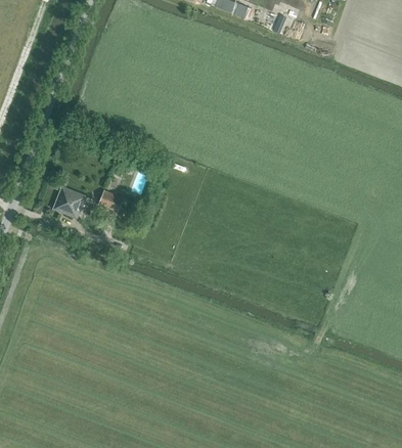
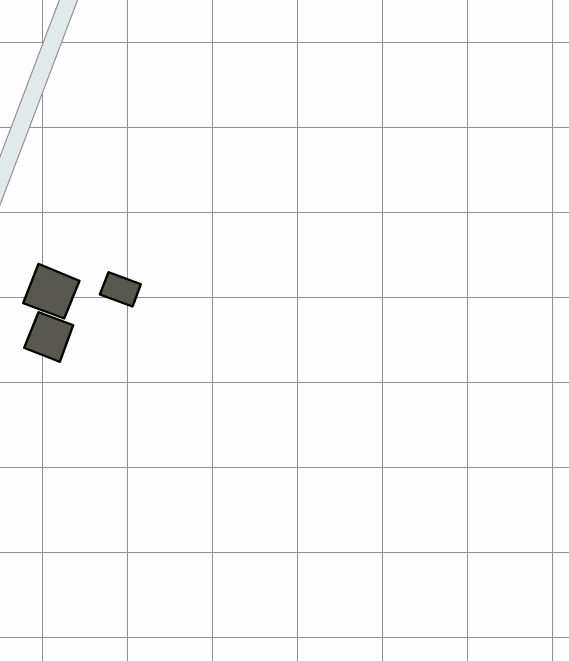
building: none -> [24,312,73,362]

